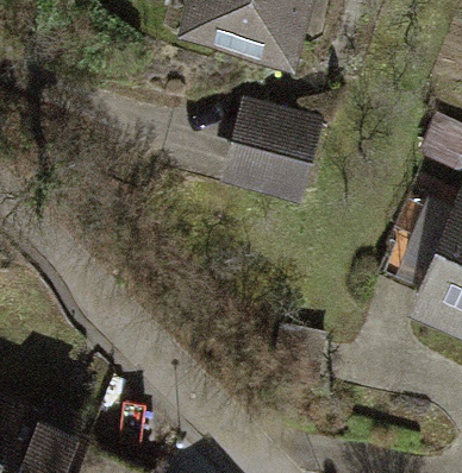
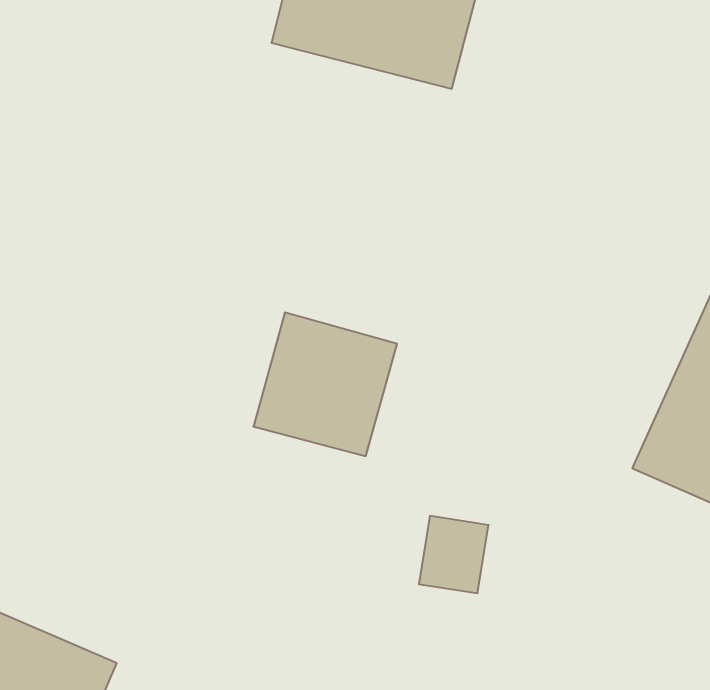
building: [229,100,321,193] -> [253,313,397,456]

